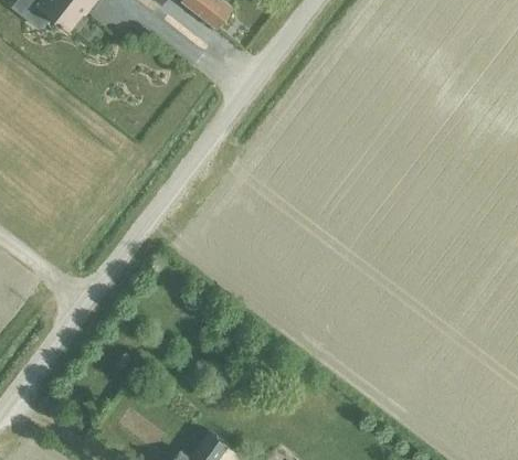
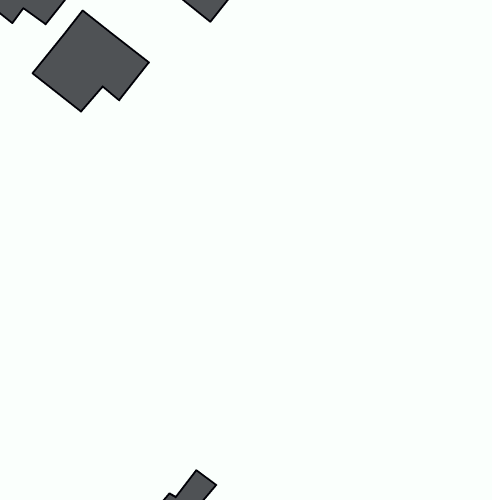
building: none -> [33,11,149,112]

